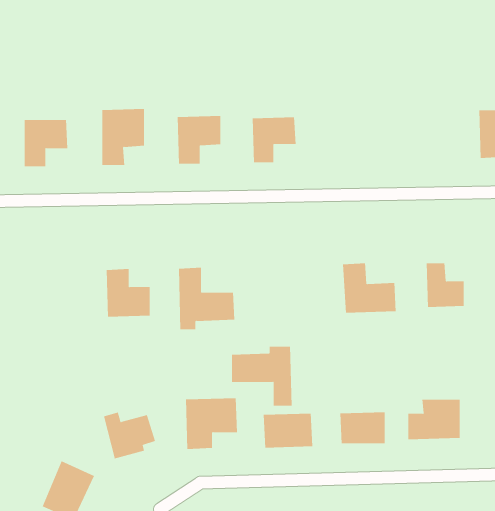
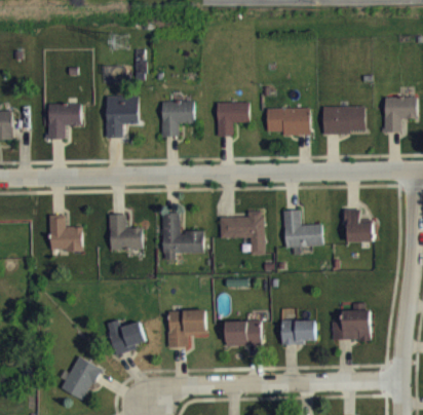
building: none -> [322,106,366,133]
building: none -> [267,107,311,136]
building: none -> [49,215,81,251]
building: [231,346,292,406] -> [220,211,265,255]

